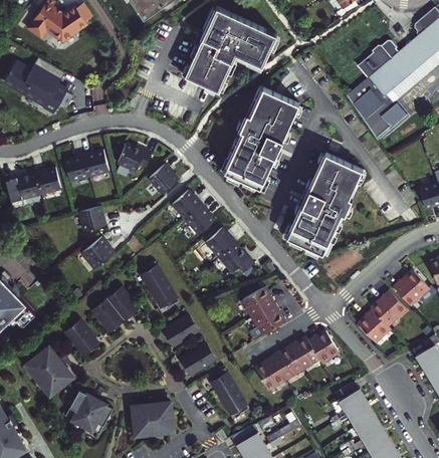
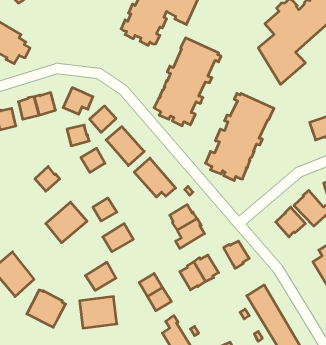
building: [75,209,102,234] -> [67,125,89,146]
building: [138,260,167,289] -> [81,148,105,172]
building: [358,308,390,342] -> none
building: [65,317,102,356] -> none
building: [288,336,318,370] -> none
building: [178,338,215,373] -> [85,262,116,290]

